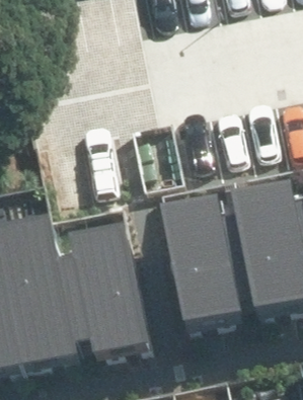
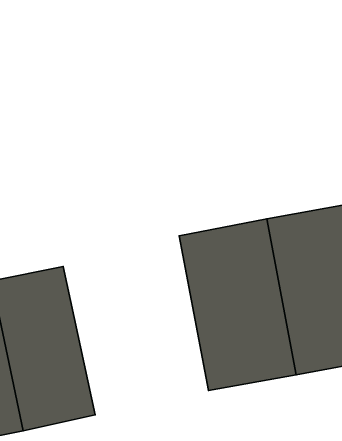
building: [68,217,154,353] -> none

